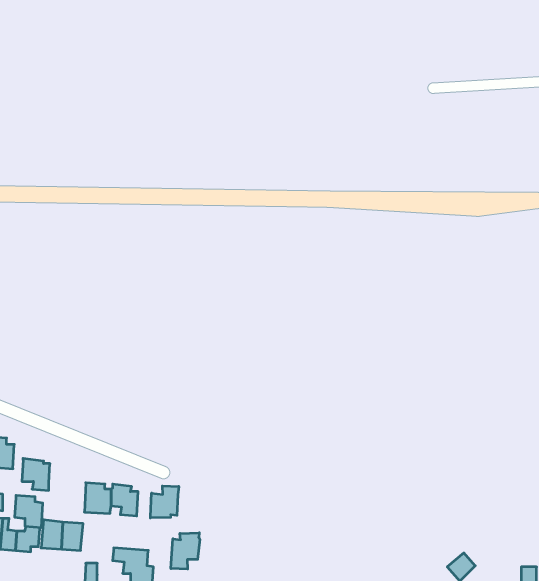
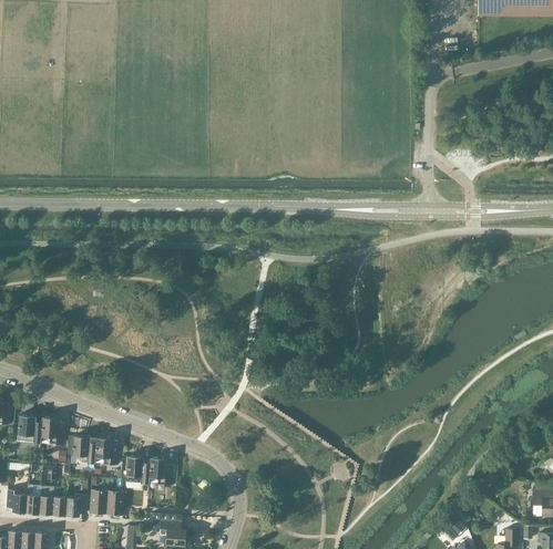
building: [150,486,179,518] -> none
building: [15,495,43,527] -> [94,437,119,465]
building: [171,533,200,569] -> none

